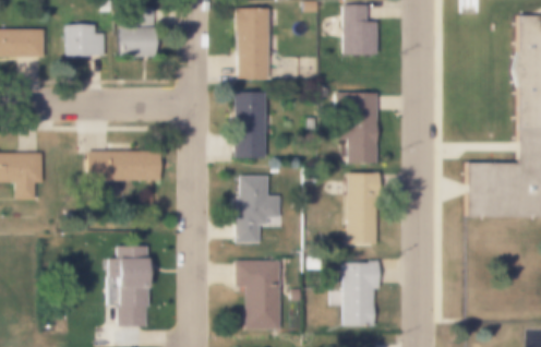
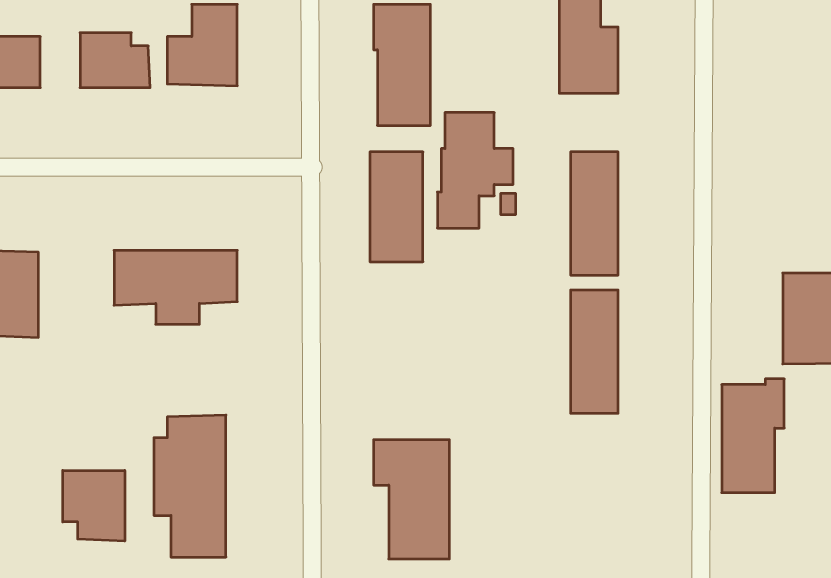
building: [235,175,278,241] -> [437,113,513,228]
building: [344,260,380,325] -> [722,379,784,493]
building: none -> [63,470,125,541]

